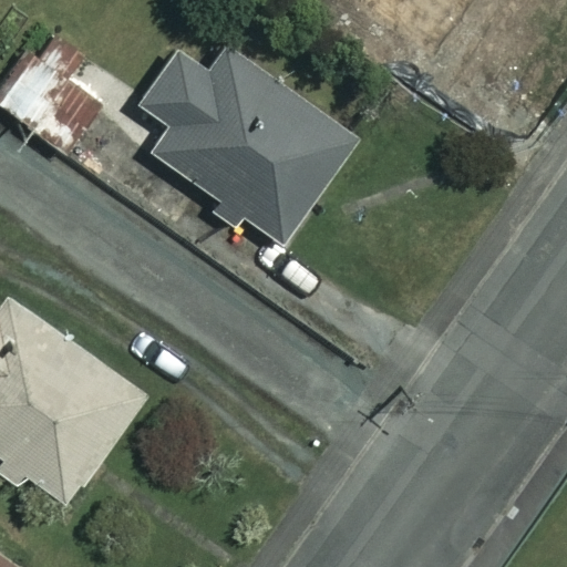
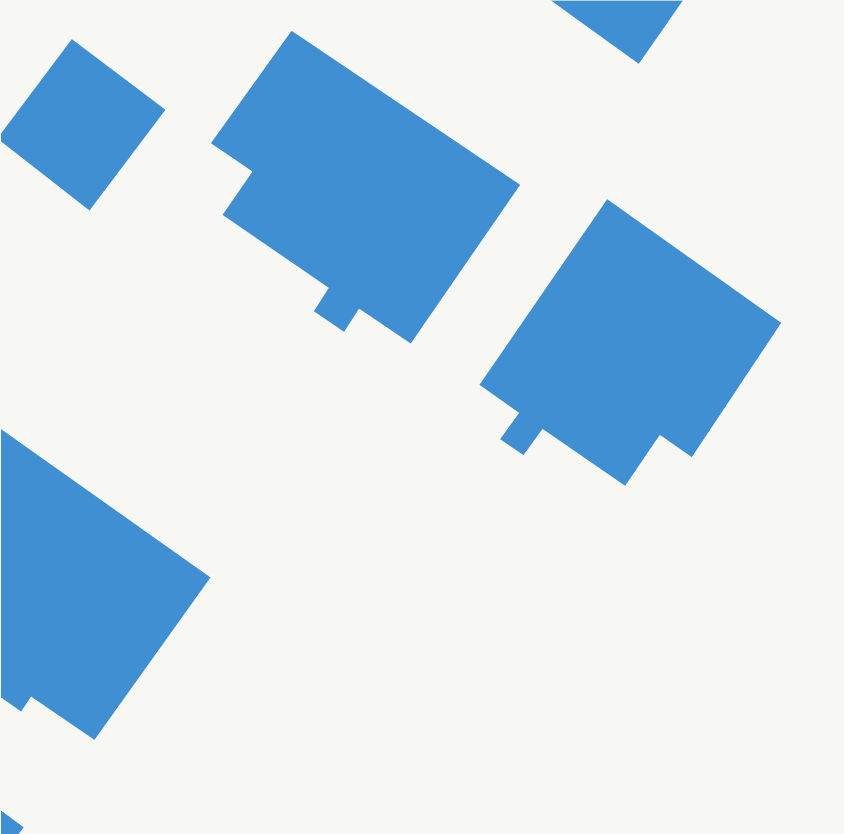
building: none -> [479,198,782,487]

